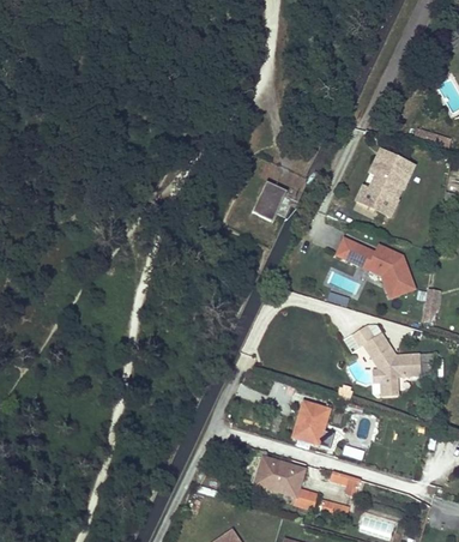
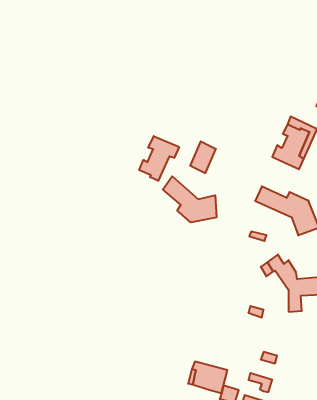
building: none -> [139,136,179,181]
building: none -> [163,176,216,222]
building: [291,401,330,444] -> none

